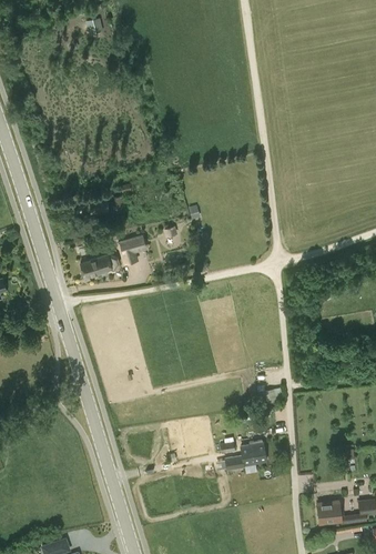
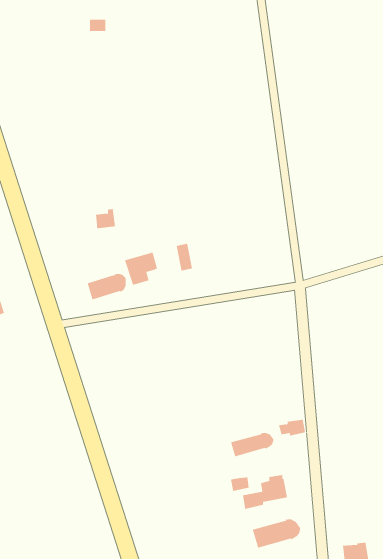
building: none -> [230,432,274,457]
building: none -> [252,518,301,549]

